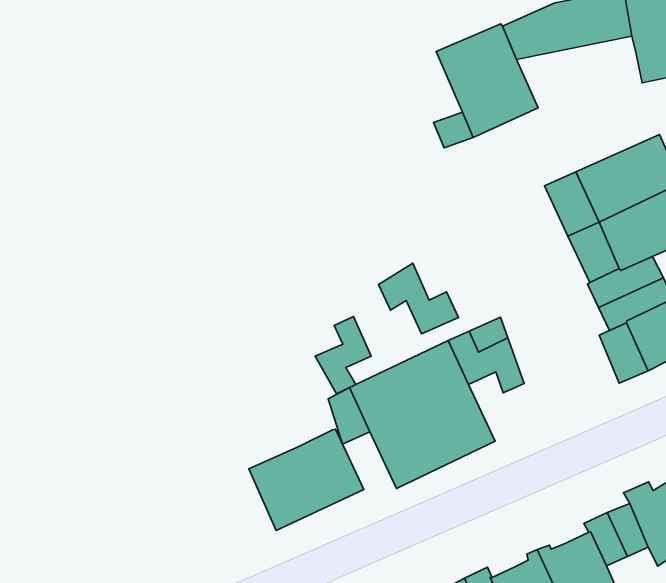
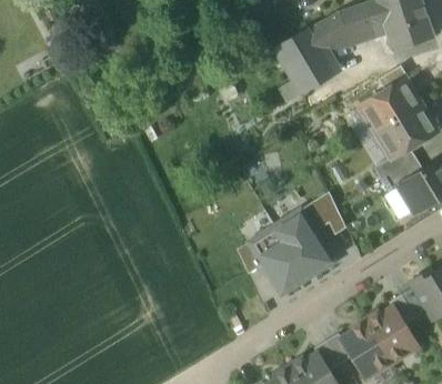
building: none -> [320,26,386,72]
building: [379,263,459,334] -> none
building: [315,317,371,394] -> none
building: [249,429,364,531] -> none

